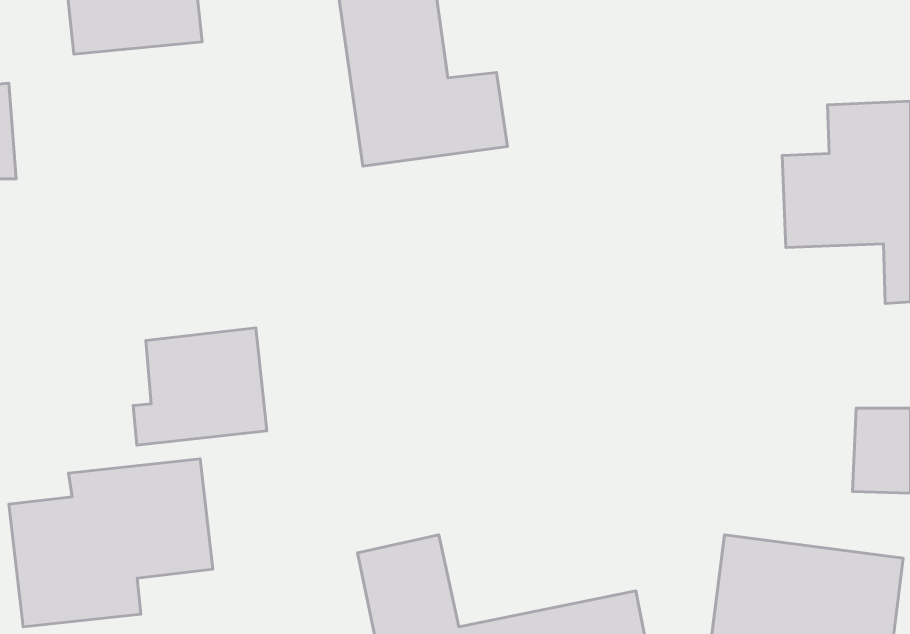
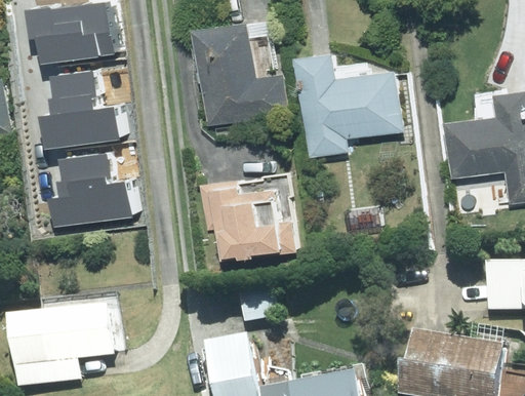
building: none -> [294,50,404,155]
building: none -> [48,66,123,135]
building: none -> [211,179,295,259]
building: [133,328,267,445] -> [55,147,131,213]

